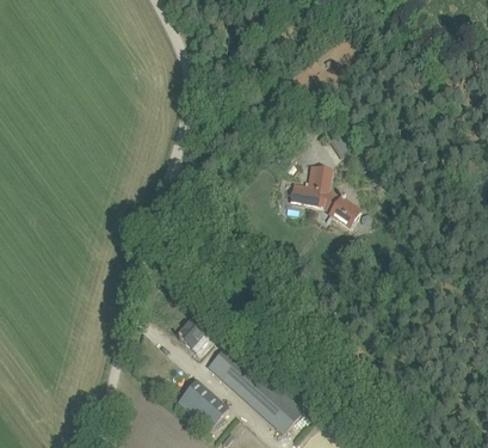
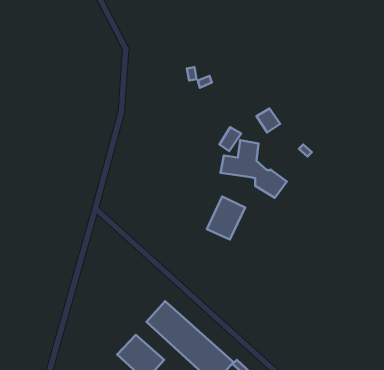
building: none -> [207,196,245,240]
building: [178,315,210,348] -> none

